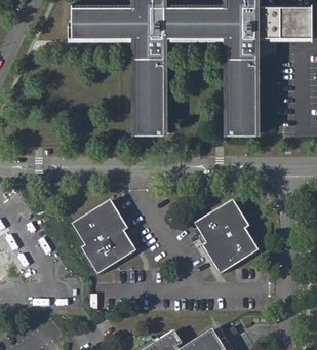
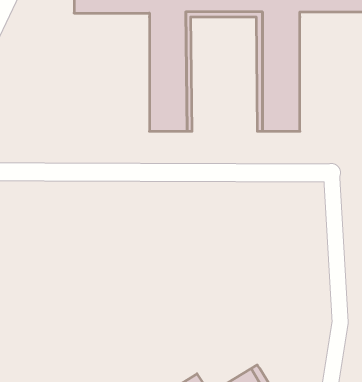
building: [195,198,259,272] -> none
building: [71,201,135,276] -> none

